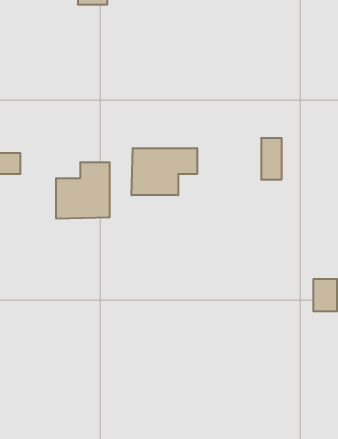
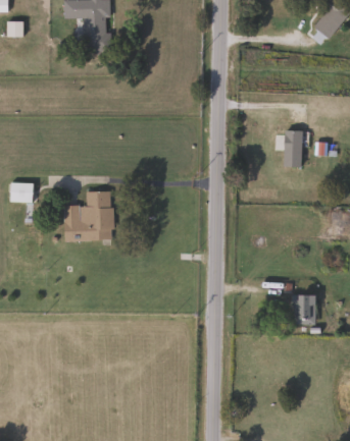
building: [261,138,282,179] -> [284,129,302,166]
building: [131,148,197,195] -> none

